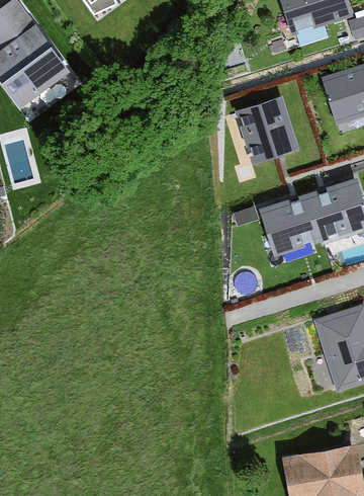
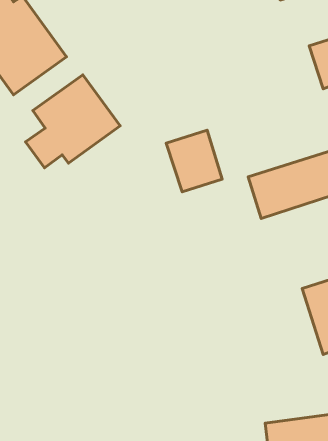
building: [240,94,296,157] -> [166,130,222,192]
building: none -> [26,75,120,168]

